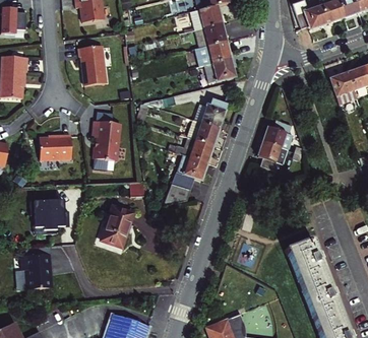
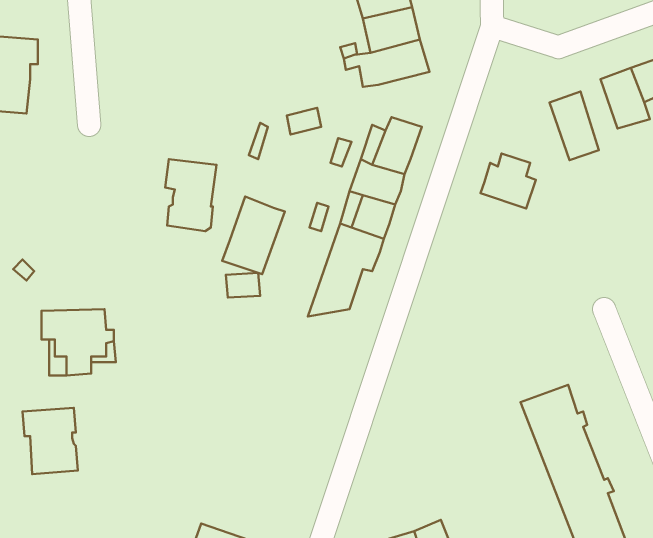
building: [80,45,108,85] -> none
building: none -> [550,91,599,160]
building: [42,134,73,159] -> none
building: [259,138,289,168] -> none
building: [102,203,135,245] -> [222,196,285,274]

